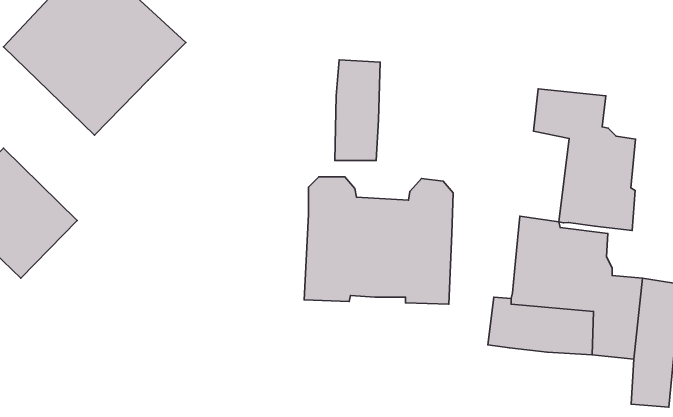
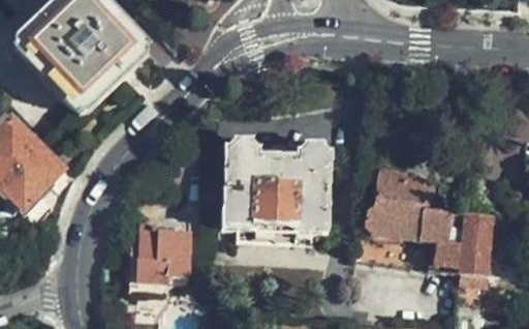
building: [335,60,380,161] -> none
building: [533,89,635,230] -> none
building: none -> [137,219,191,291]

